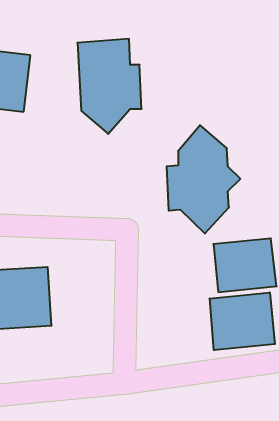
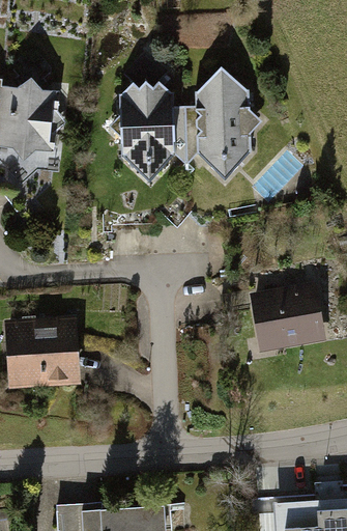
building: [167,125,240,234] -> [178,64,258,181]
building: [210,292,275,350] -> none

